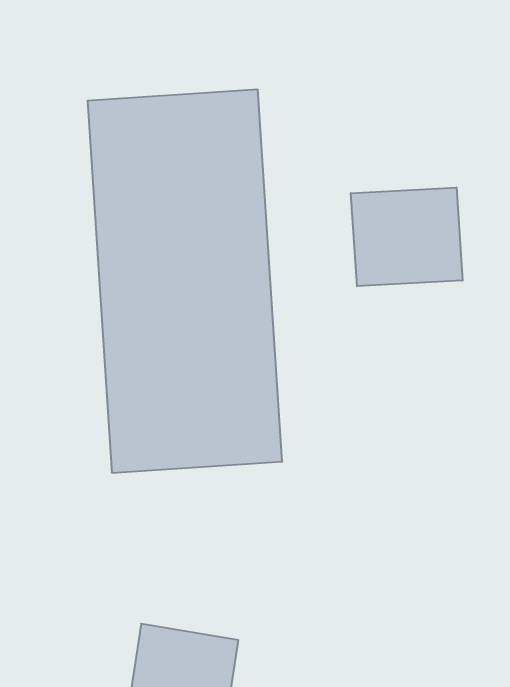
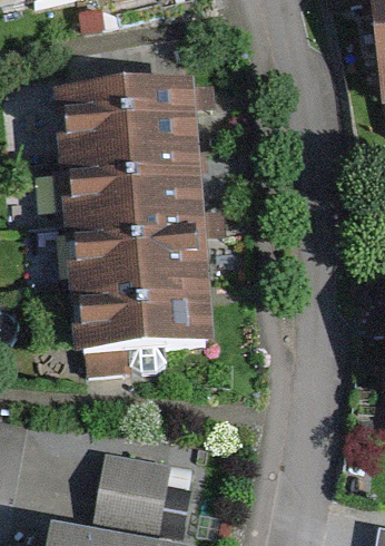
building: [351,187,463,286] -> none

